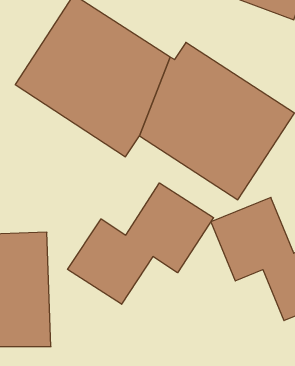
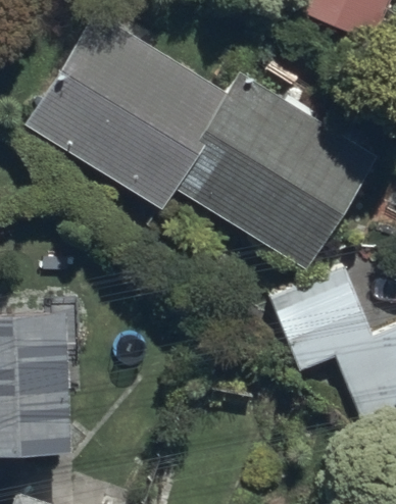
building: [68,183,214,304] -> none

